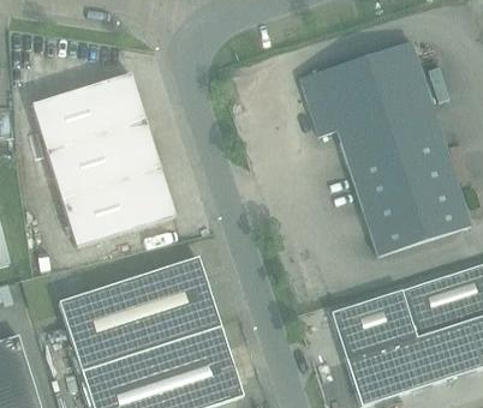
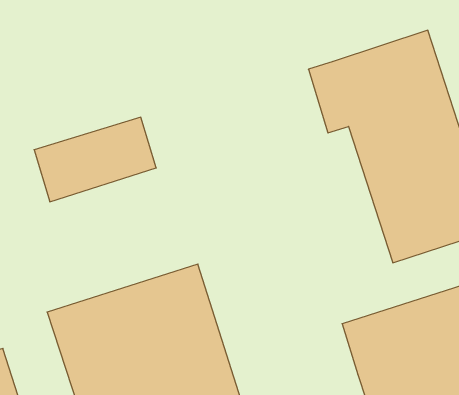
building: [31,72,145,150] -> none
building: [61,167,175,246] -> none

